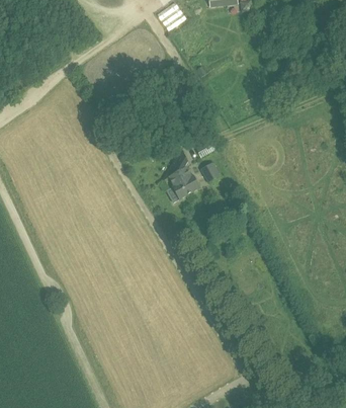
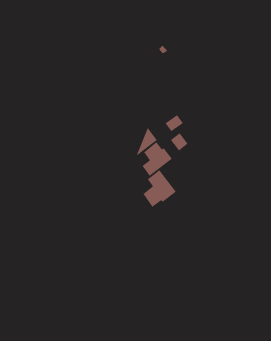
building: none -> [143,169,177,208]

